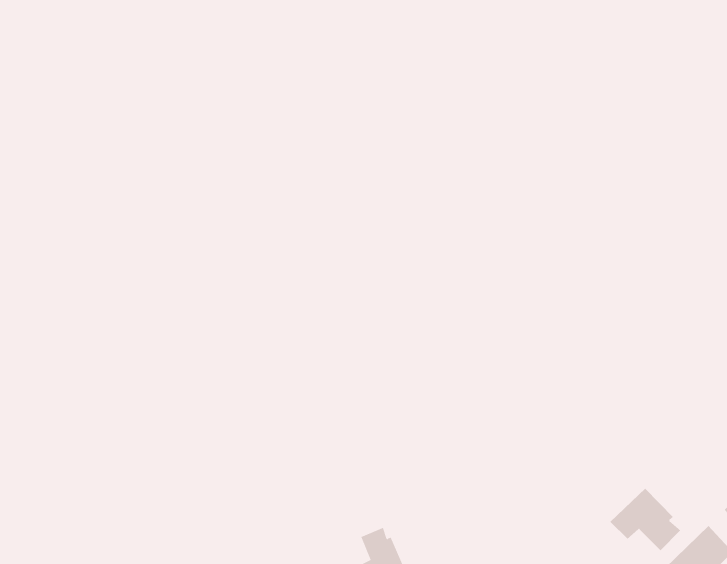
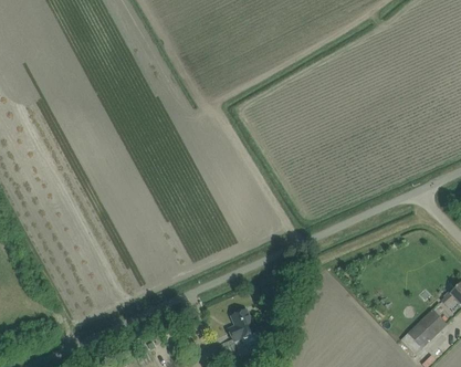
building: [609,488,681,551] -> none

